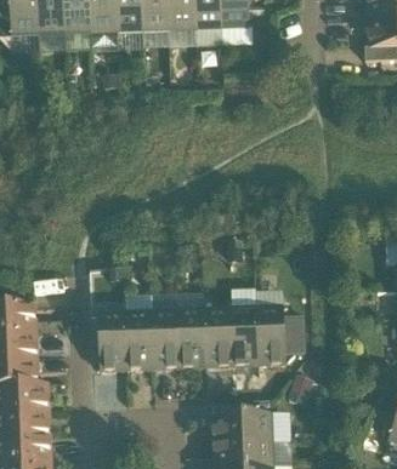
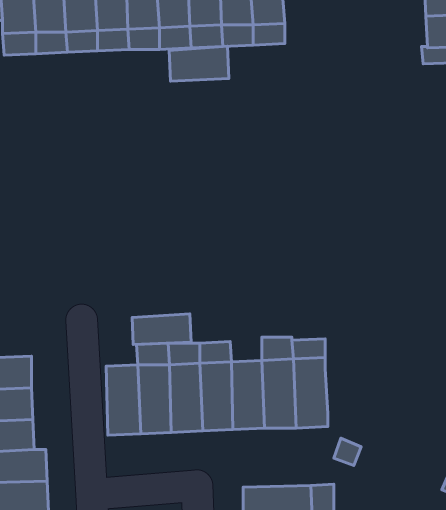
building: none -> [169,46,229,81]
building: none -> [132,314,191,345]
building: [283,316,305,354] -> none

